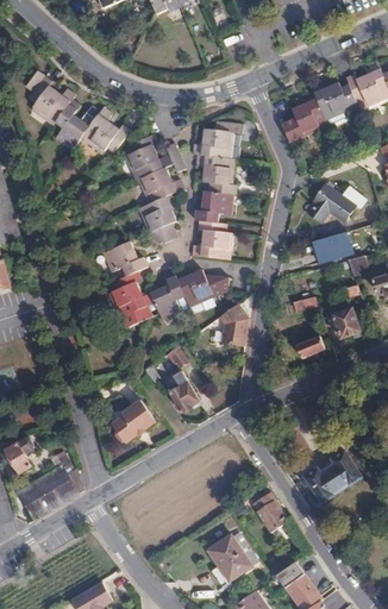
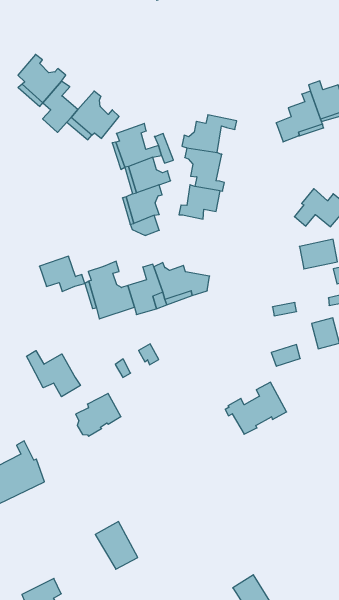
building: [192,220,230,259] -> none
building: [102,241,148,276] -> [39,256,85,291]
building: [219,303,249,346] -> none
building: none -> [27,351,80,397]
building: [170,371,199,413] -> none
building: [303,451,363,503] -> [225,382,287,434]
building: [252,495,287,535] -> none
building: [209,534,252,580] -> [95,522,138,569]

